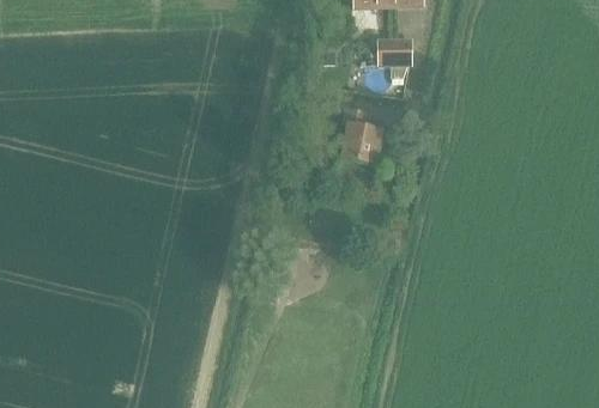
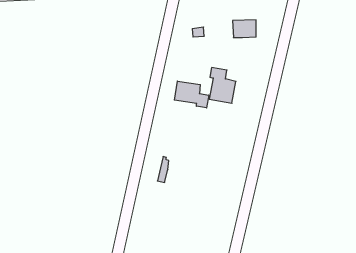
building: none -> [174,81,209,108]

